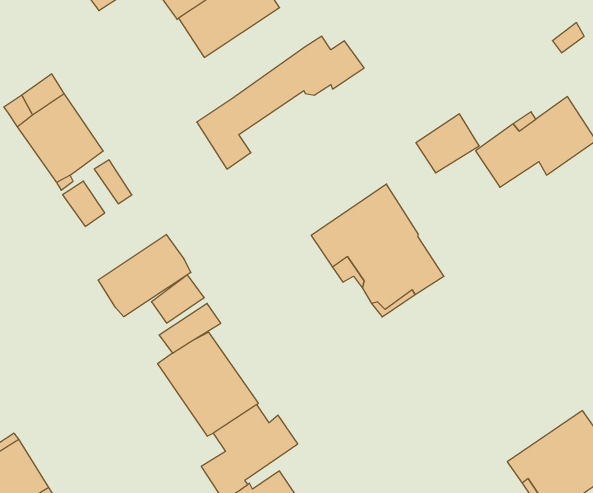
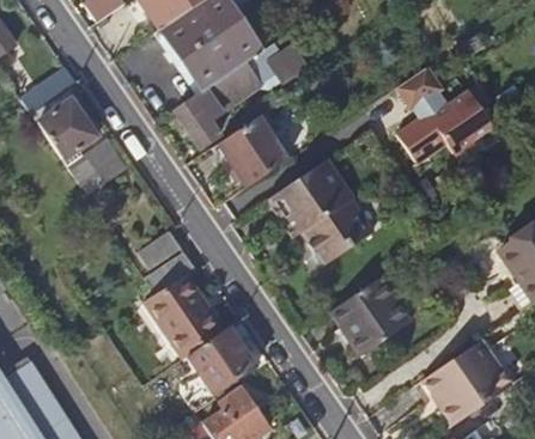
building: none -> [181,19,261,91]
building: [416,114,479,173] -> [400,60,450,106]
building: none -> [217,115,288,188]
building: [98,234,191,317] -> none
building: none -> [332,276,411,353]

